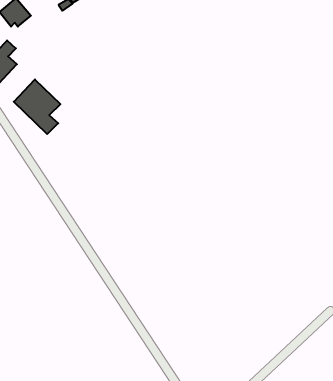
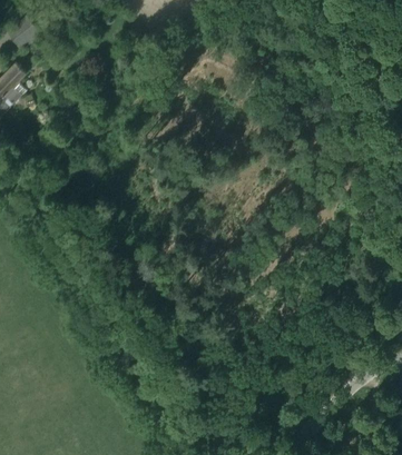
building: [14,79,60,134] -> none

